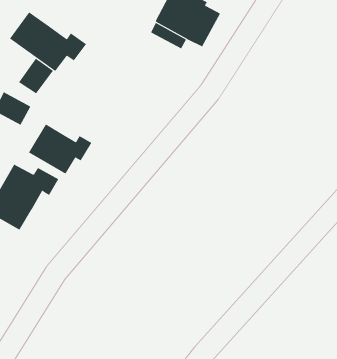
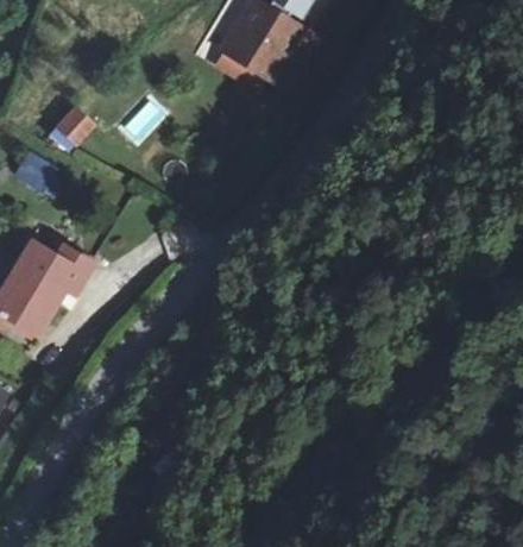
building: [9,11,87,72] -> none
building: [28,124,92,174] -> none

